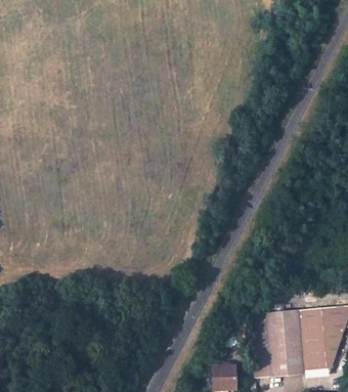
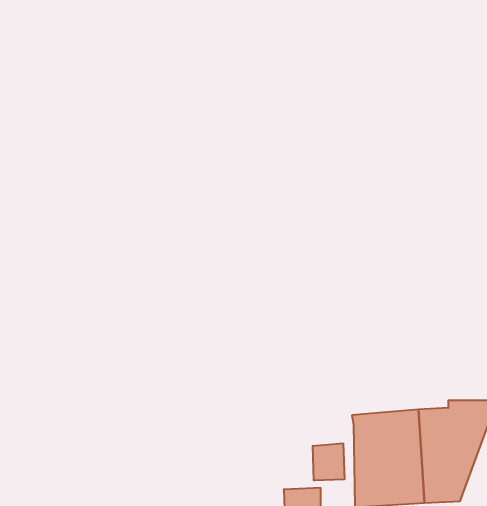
building: none -> [313,443,344,481]

